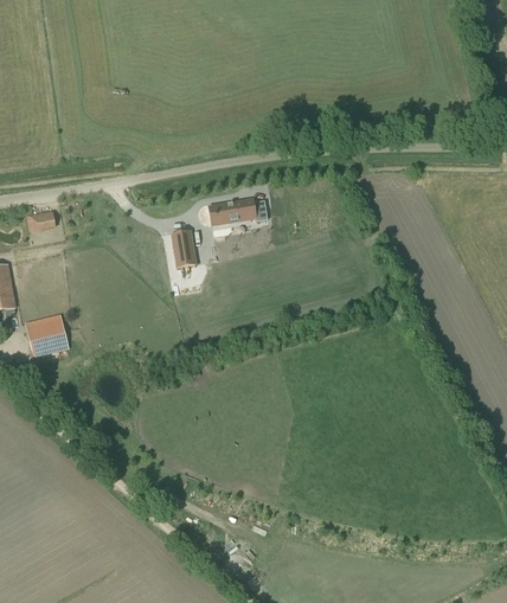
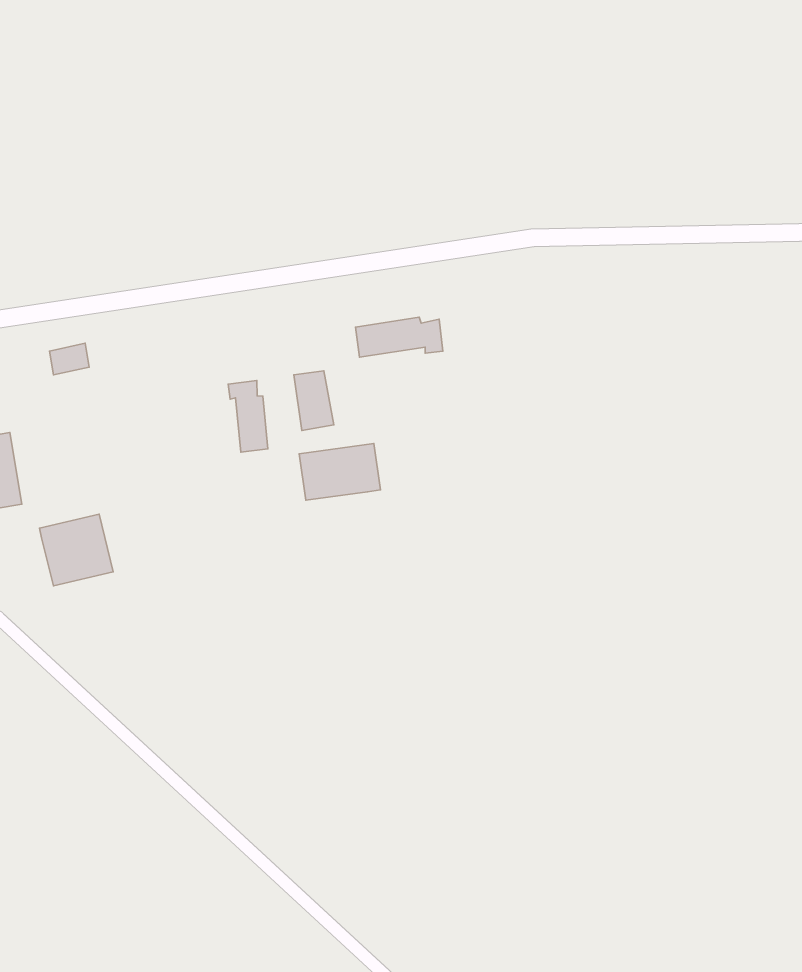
building: none -> [228,381,268,452]
building: none -> [299,444,380,500]

